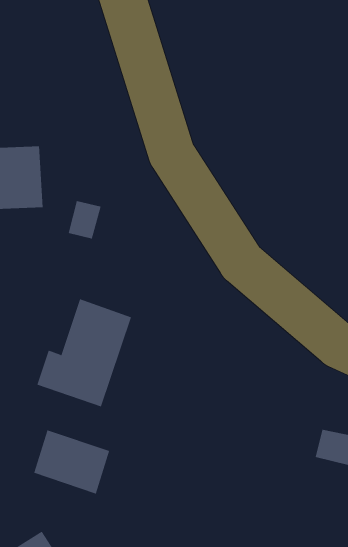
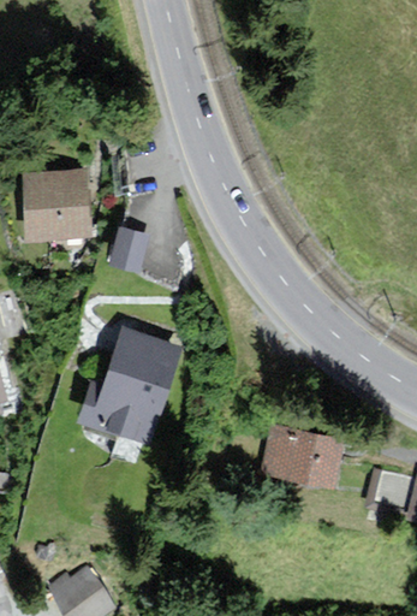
building: none -> [263,426,342,487]
building: [33,429,110,494] -> none

